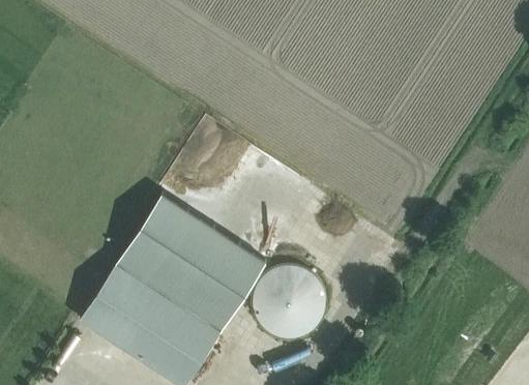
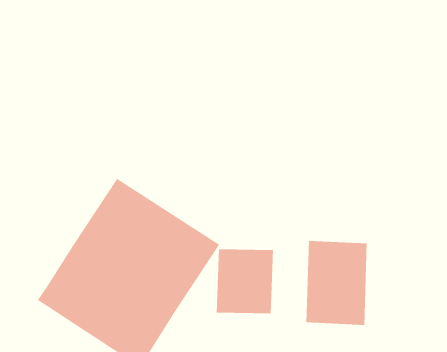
building: none -> [306,240,368,326]

